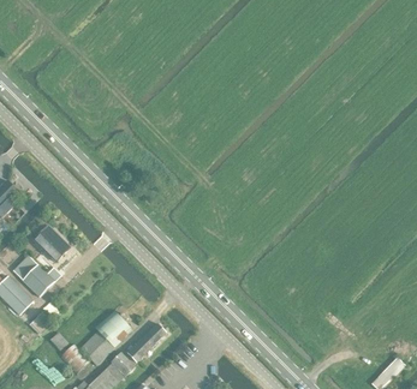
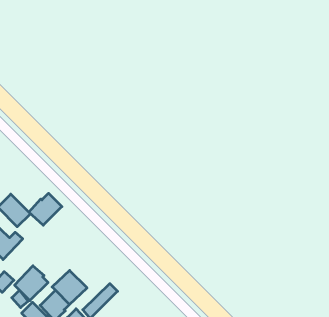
building: none -> [29,193,62,225]
building: none -> [15,266,48,301]

